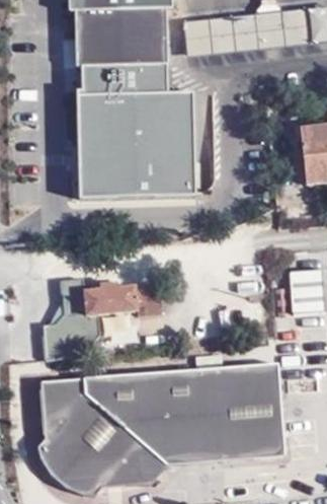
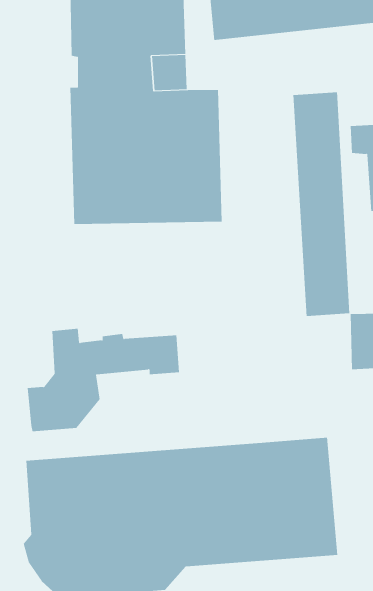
building: none -> [293,91,350,317]

